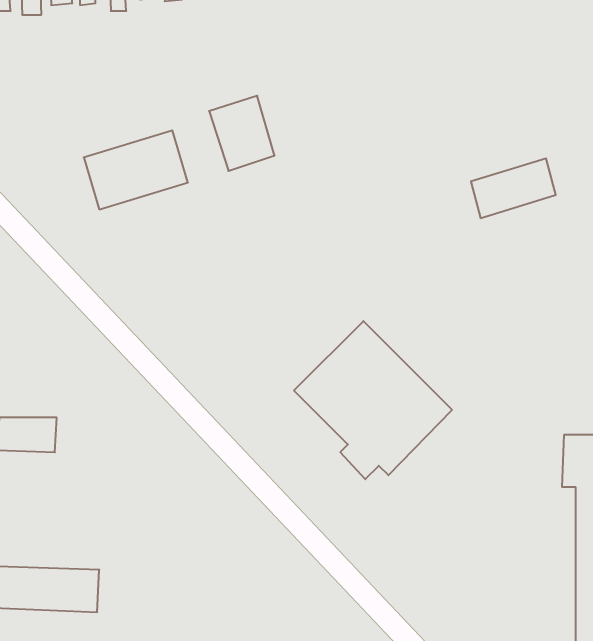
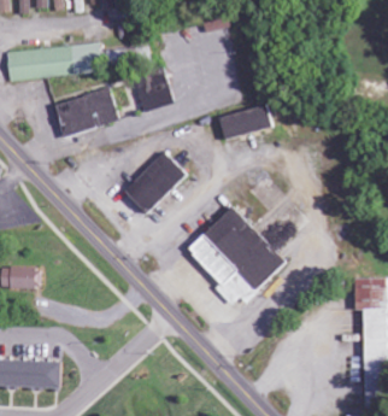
building: none -> [7,42,135,78]
building: [471,158,556,218] -> [218,102,271,140]
building: none -> [123,151,187,213]

